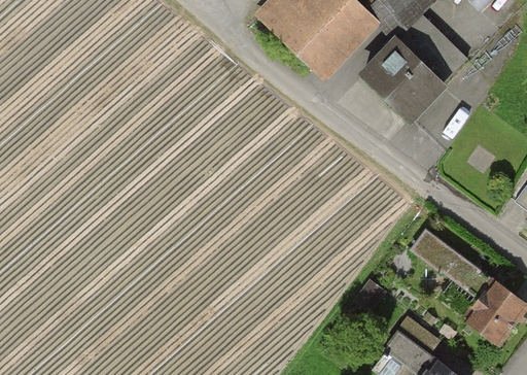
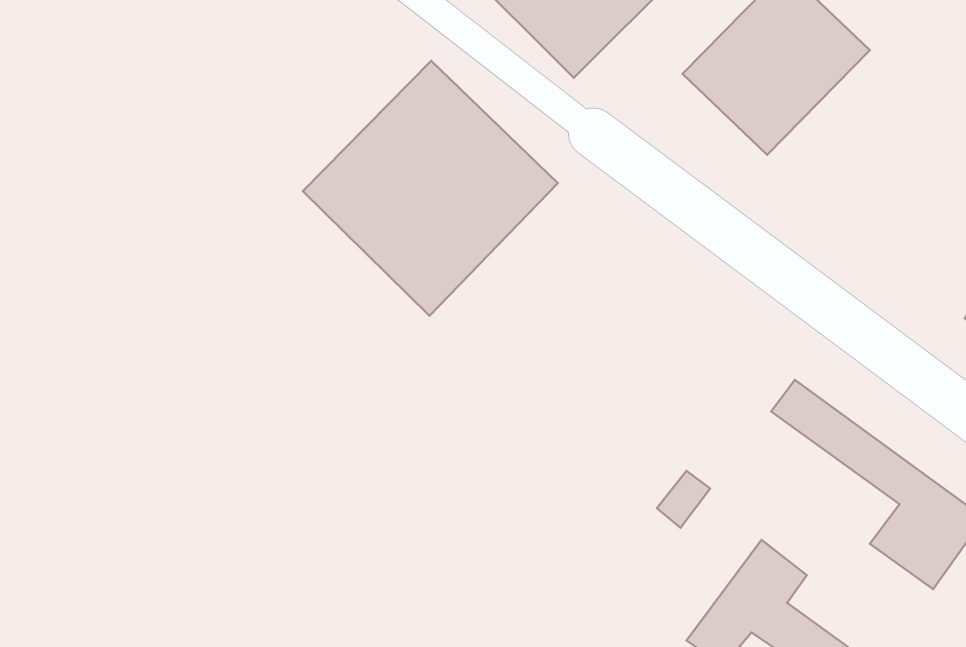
building: none -> [303,61,558,316]

